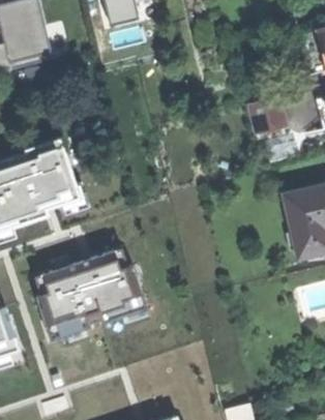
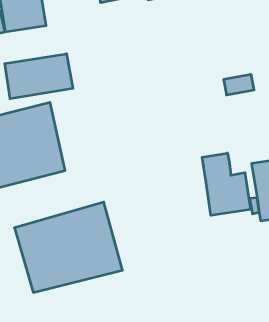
building: none -> [5,54,73,99]
building: none -> [202,153,251,215]

